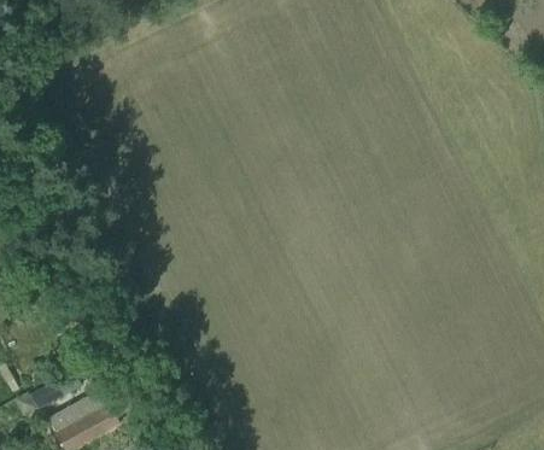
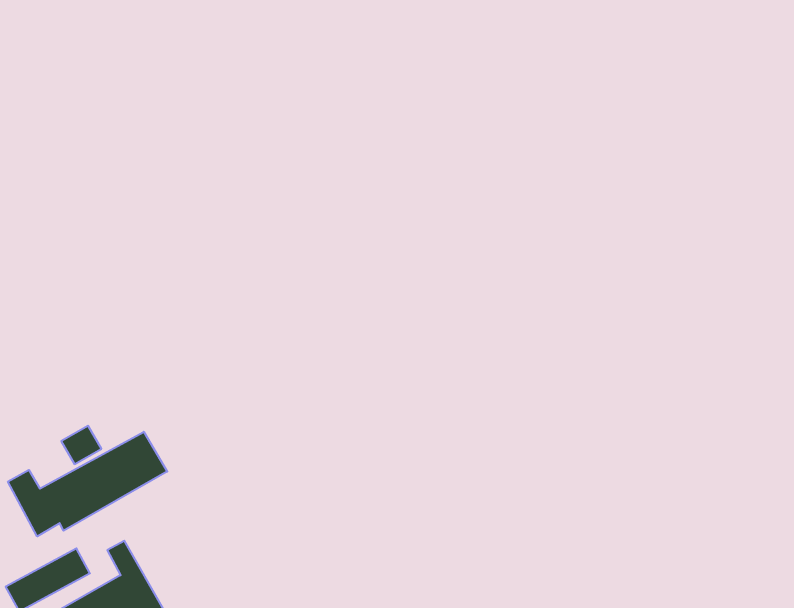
building: none -> [8,432,167,536]

